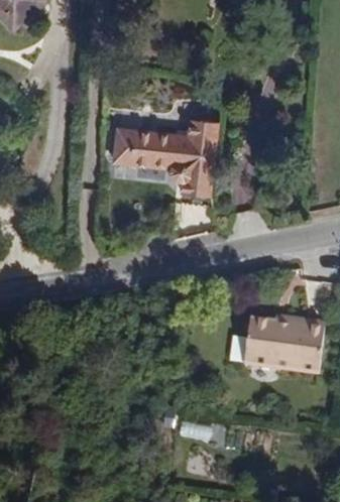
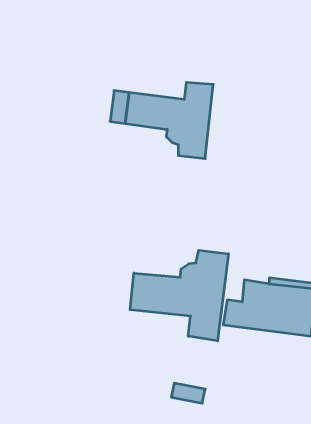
building: none -> [130,250,228,341]

